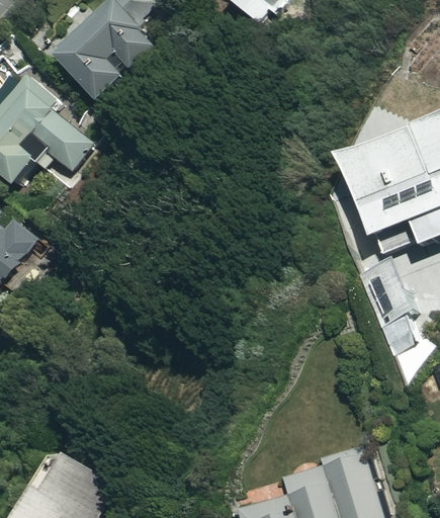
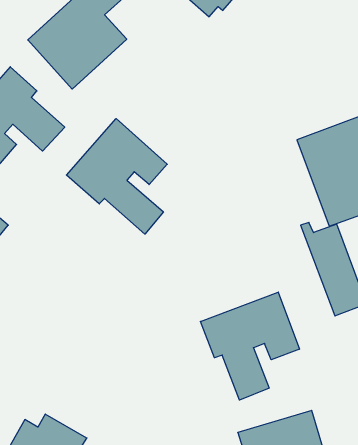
building: none -> [66,119,167,234]
building: none -> [200,292,299,400]

